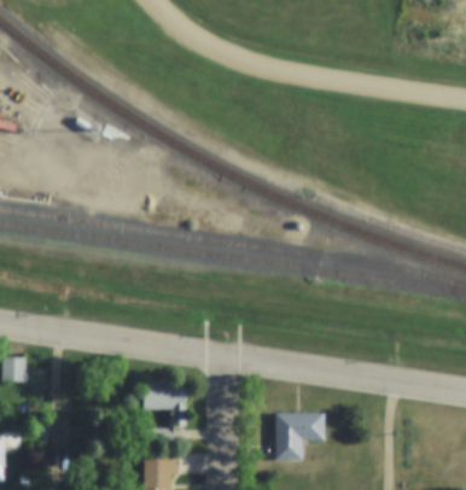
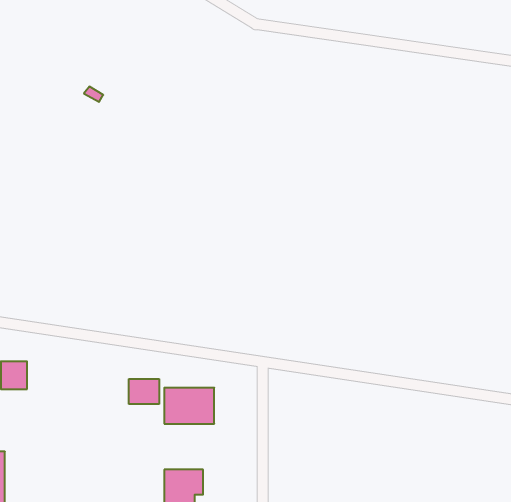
building: none -> [129,379,159,404]
building: [276,413,325,460] -> none

